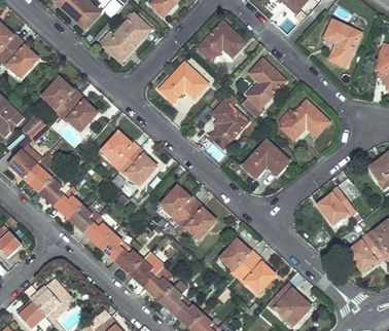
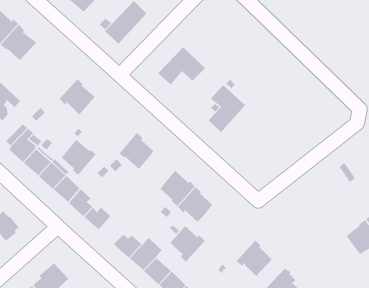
building: [323,21,360,66] -> none
building: [197,22,244,61] -> none
building: [242,60,284,118] -> none
building: [42,78,78,114] -> none
building: [281,100,329,139] -> none
building: [102,132,138,169] -> [61,139,97,176]
building: [243,141,289,178] -> none
building: [317,186,354,223] -> none
building: [100,231,128,259] -> none
building: [220,240,256,277] -> [169,225,205,262]

